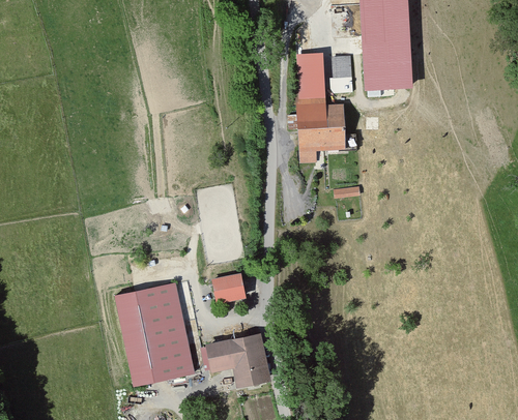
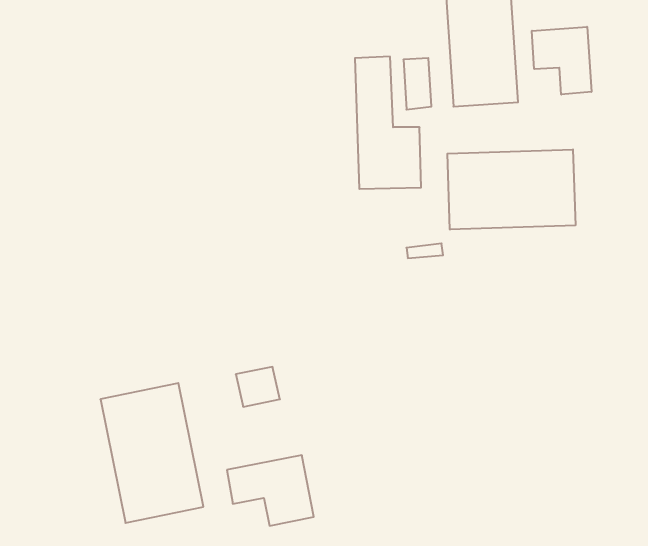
building: none -> [532,27,591,95]
building: none -> [447,149,575,230]

